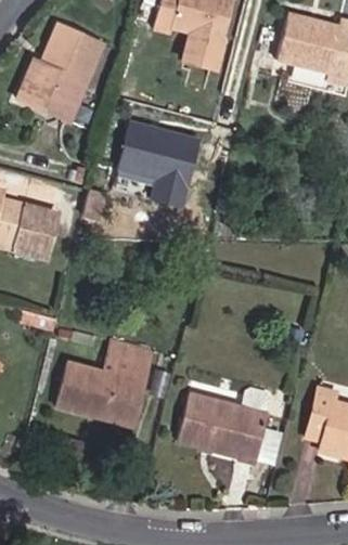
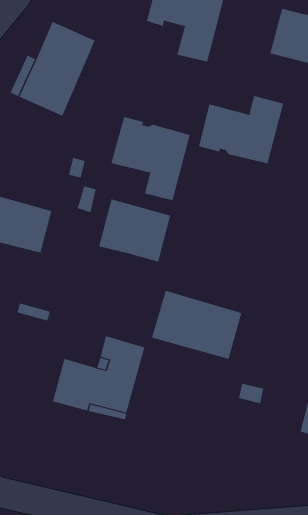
building: none -> [199,95,284,164]
building: none -> [98,199,171,263]
building: [177,393,268,463] -> [151,290,242,360]

